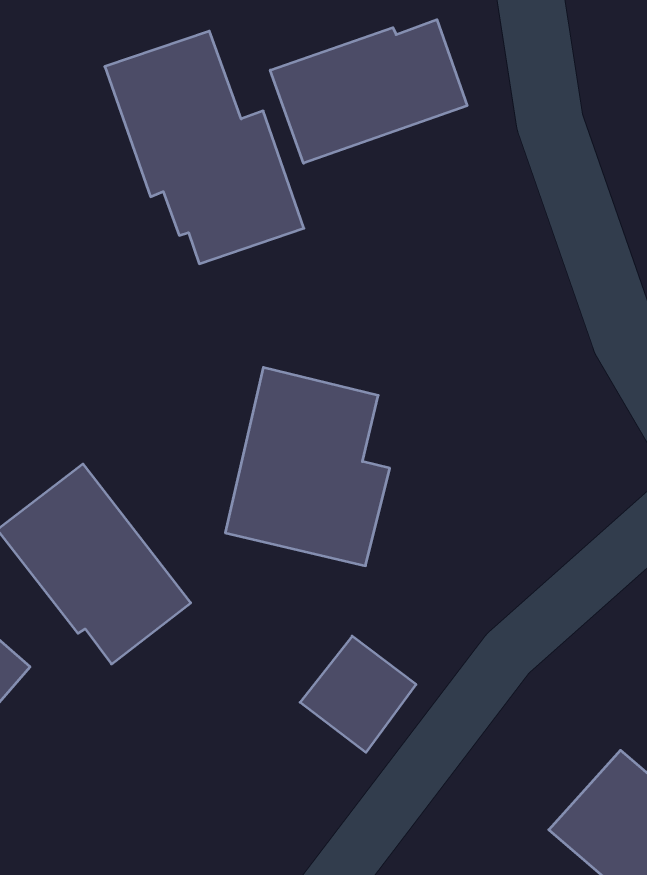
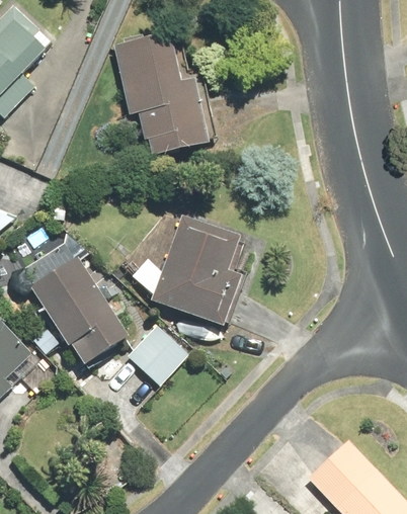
building: [270,20,467,163] -> none
building: [300,636,416,752] -> [127,324,189,387]

